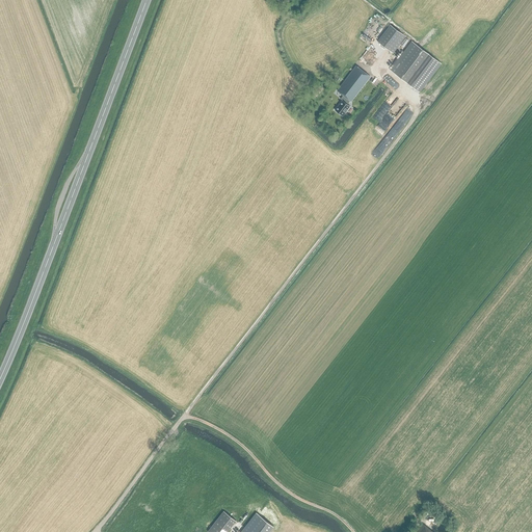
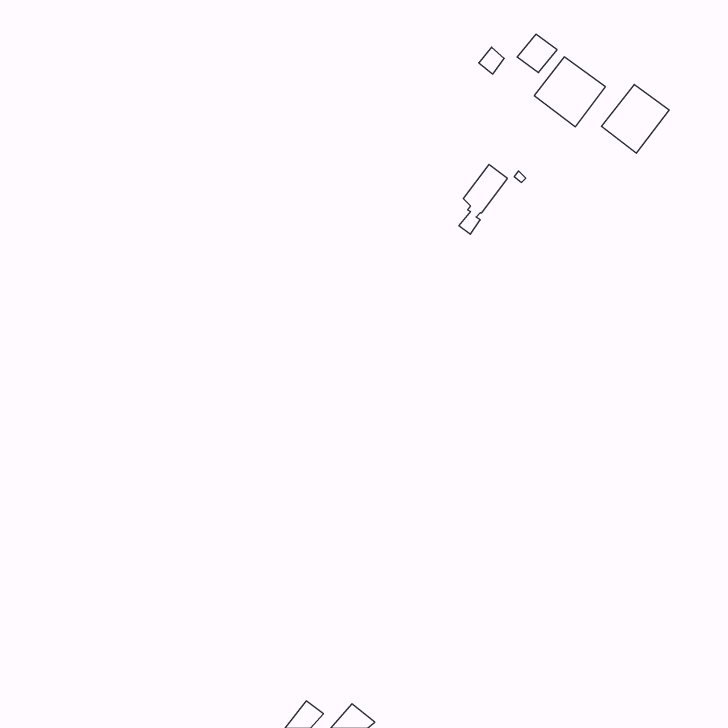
building: none -> [601,84,669,153]
building: [335,65,370,116] -> [459,164,507,234]

